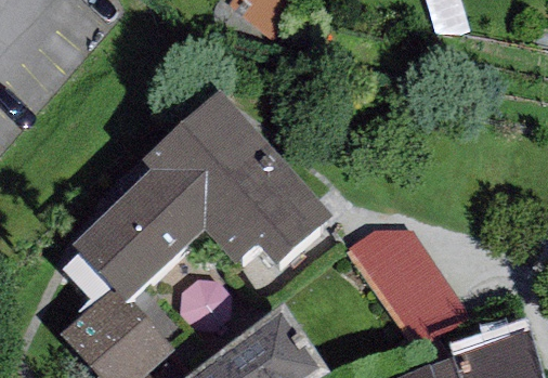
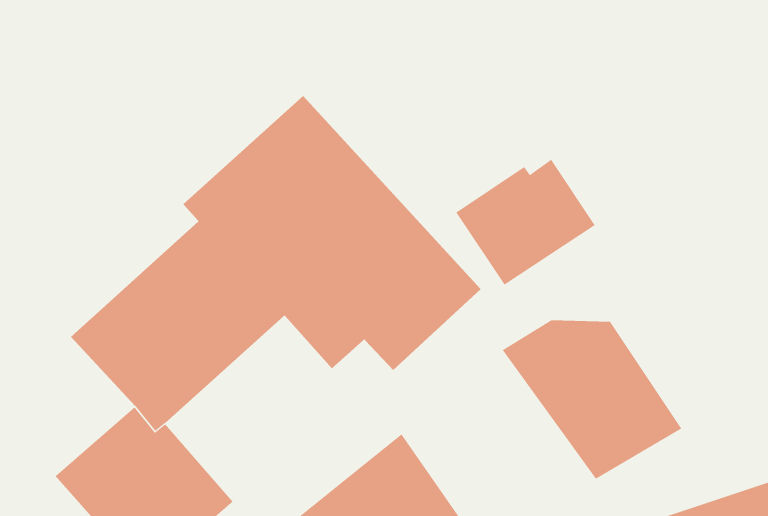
building: none -> [455,159,595,285]

